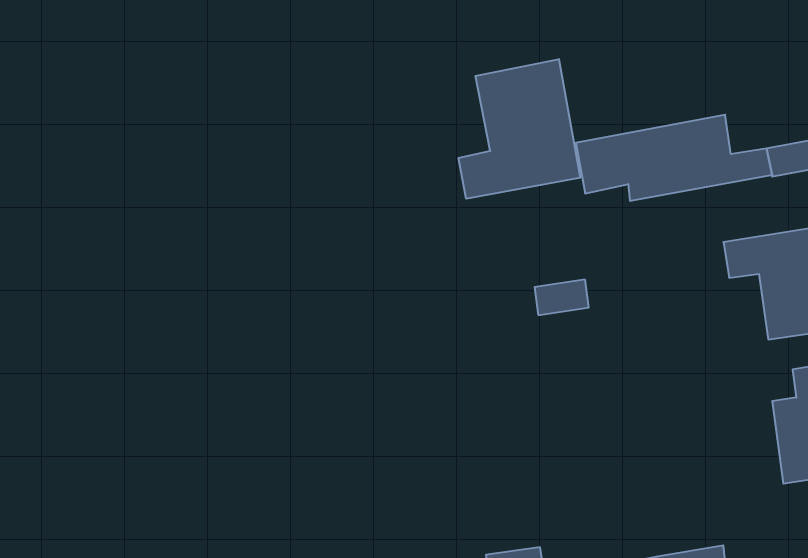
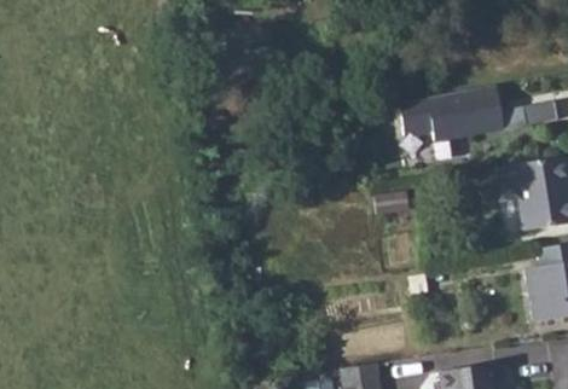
building: [459,59,580,199] -> none

